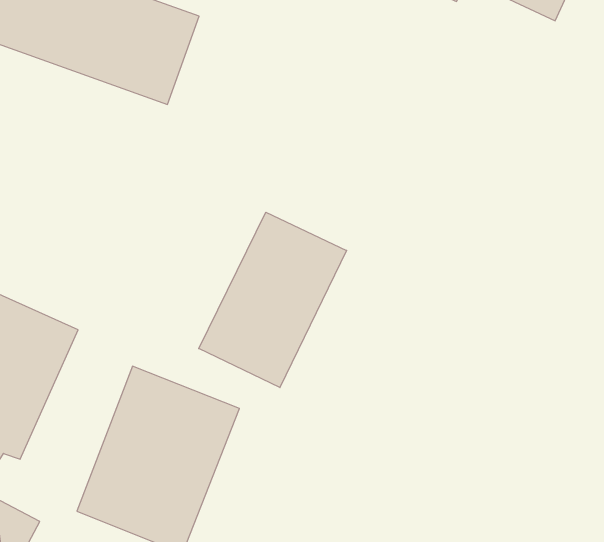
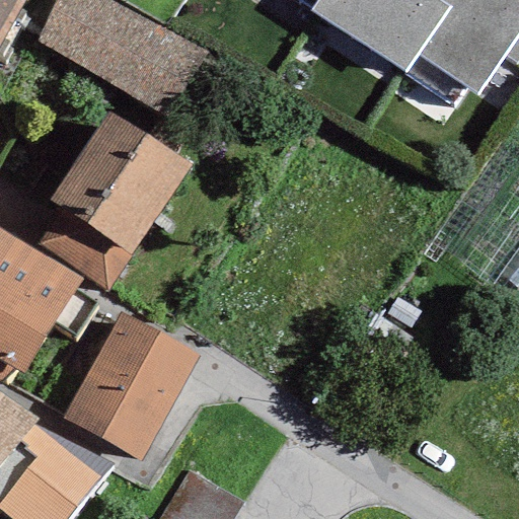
building: none -> [35,107,192,290]
building: [199,212,347,388] -> none

